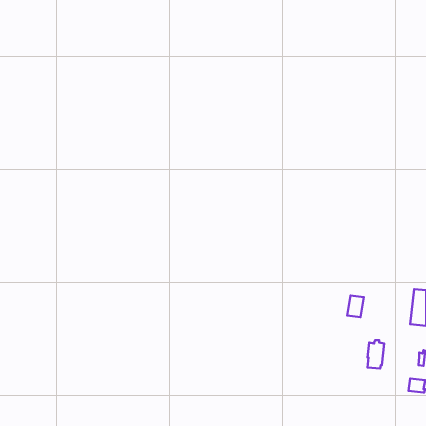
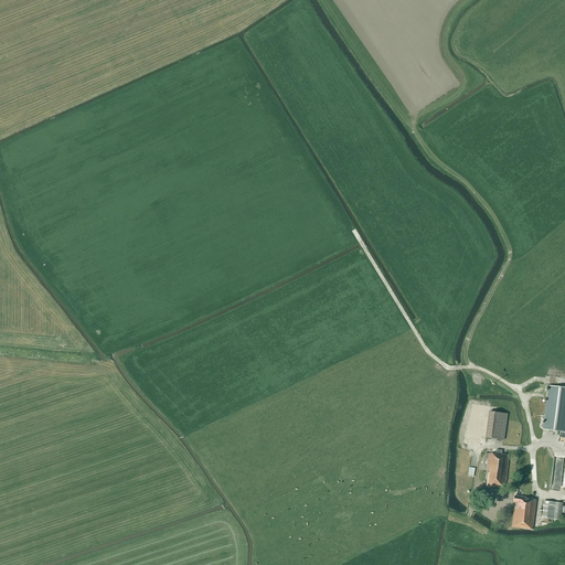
building: [347,295,364,317] -> [486,412,508,440]
building: none -> [512,495,536,530]

